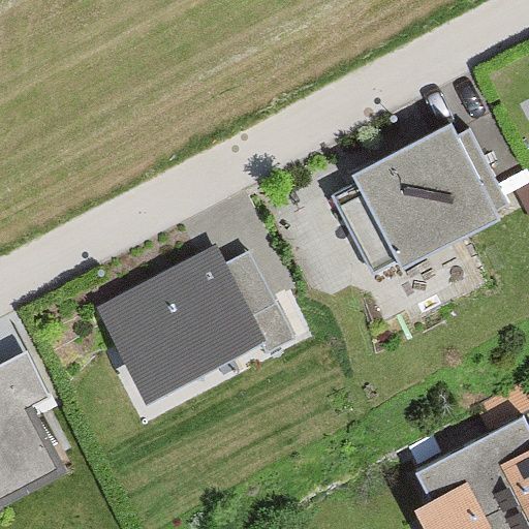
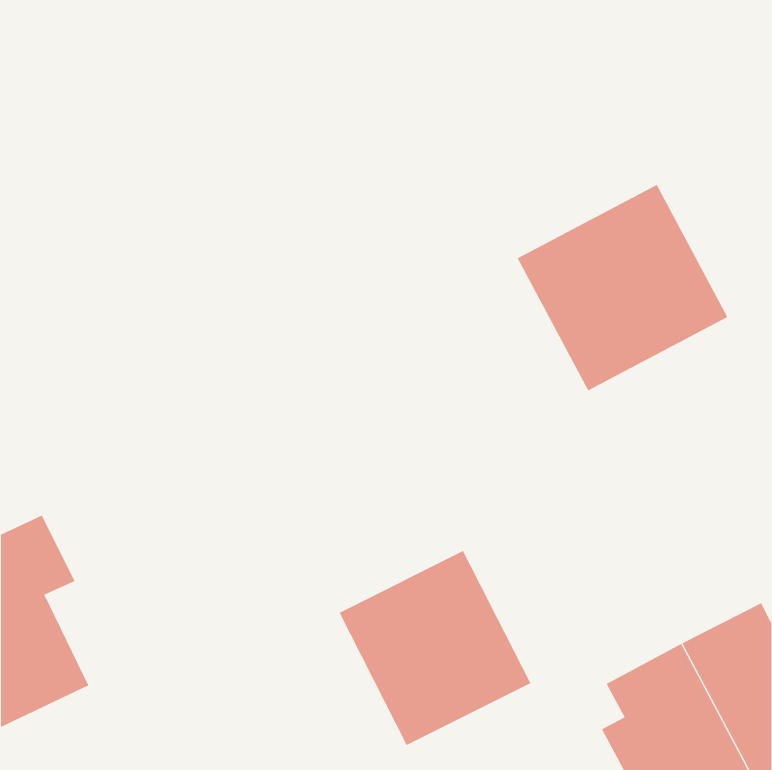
building: [97,251,259,398] -> none
building: none -> [339,550,531,746]

